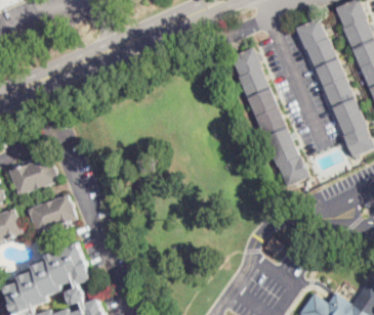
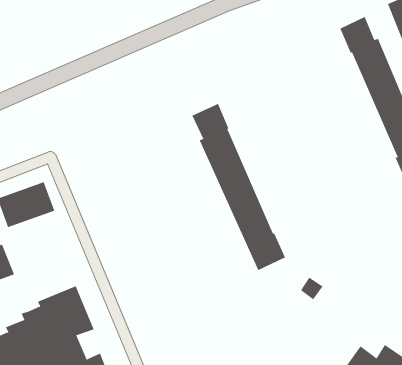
building: [231,47,309,187] -> [192,103,286,271]
building: [28,194,77,234] -> none

